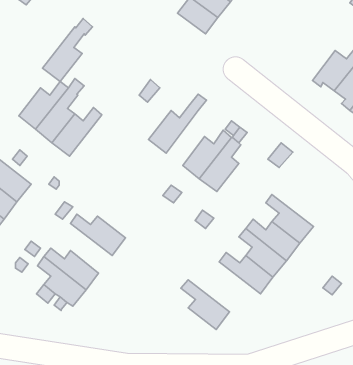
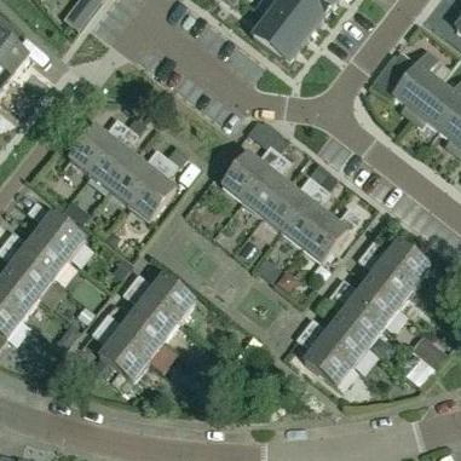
building: [43,18,92,82] -> [129,148,188,221]
building: none -> [376,52,439,117]
building: none -> [242,152,290,217]
building: none -> [301,207,362,264]
building: none -> [365,240,434,288]
building: none -> [122,284,179,342]
building: [181,280,230,329] -> [295,329,352,387]

